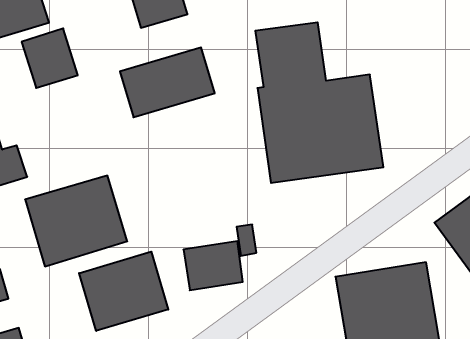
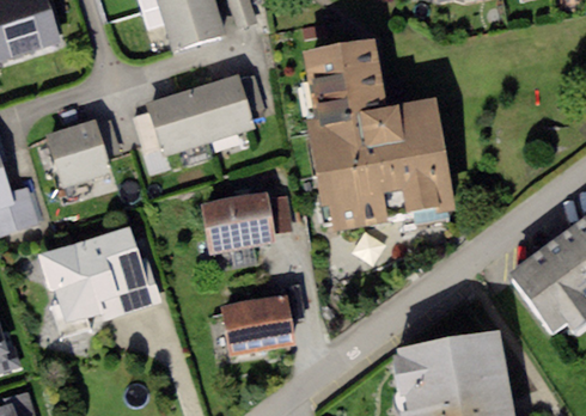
building: [22,28,78,88] -> [47,120,111,188]
building: none -> [205,191,289,252]
building: [79,252,168,331] -> none

